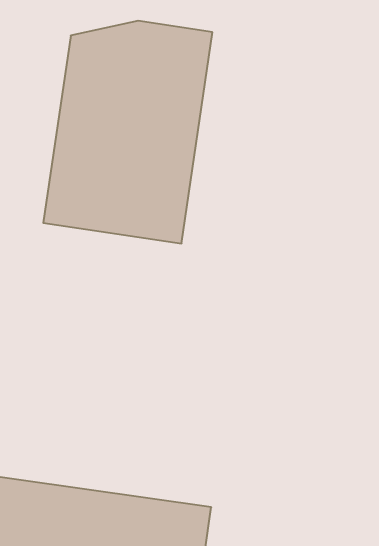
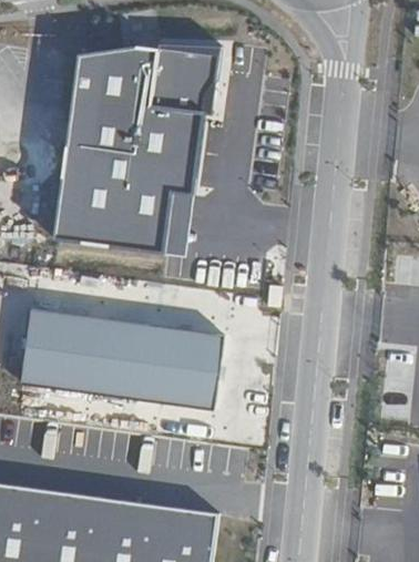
building: none -> [21,309,222,407]

